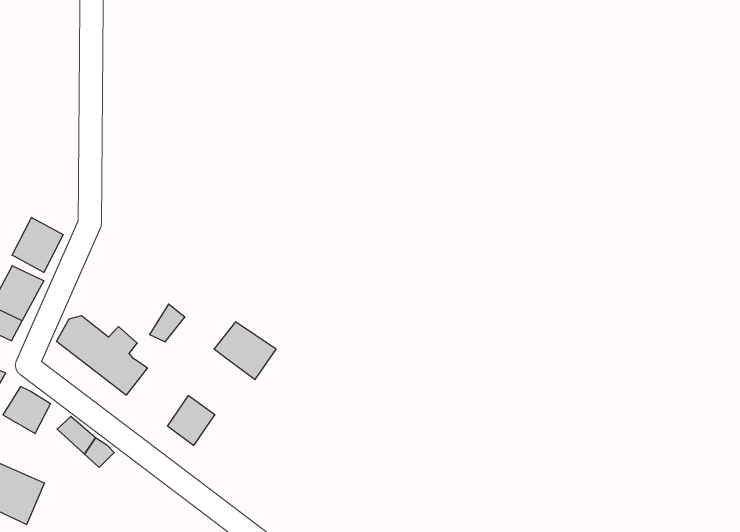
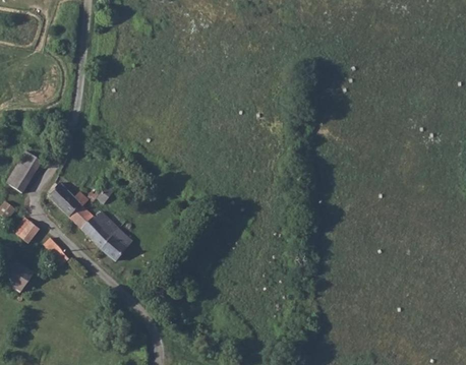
building: [12,217,63,272] -> none
building: [214,322,276,380] -> [82,216,116,248]

